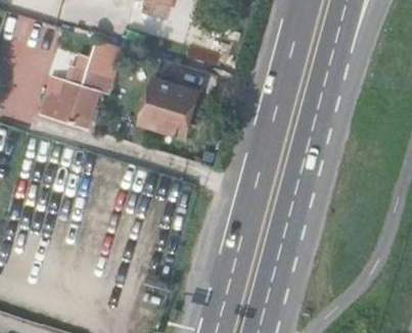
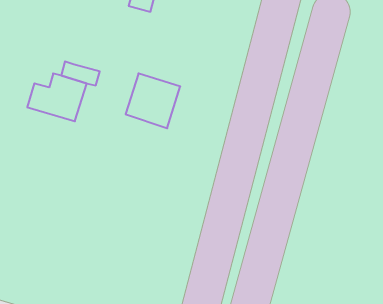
building: [85,39,121,79] -> none

